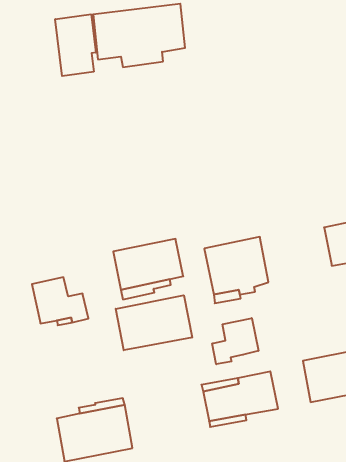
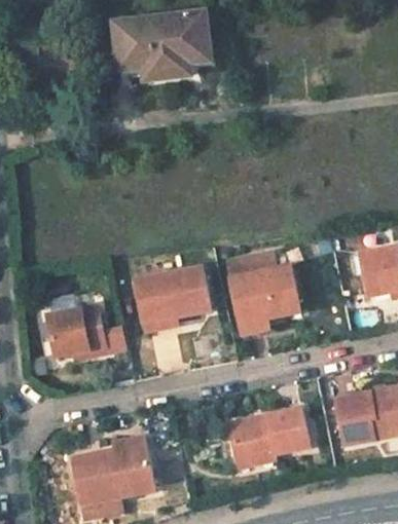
building: [55,14,96,76] -> none
building: [116,295,192,350] -> none
building: [212,318,258,364] -> none

